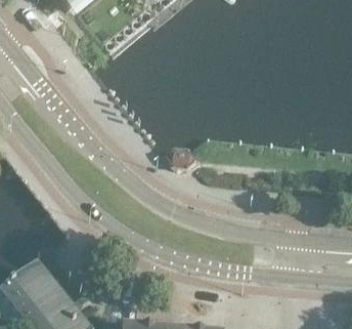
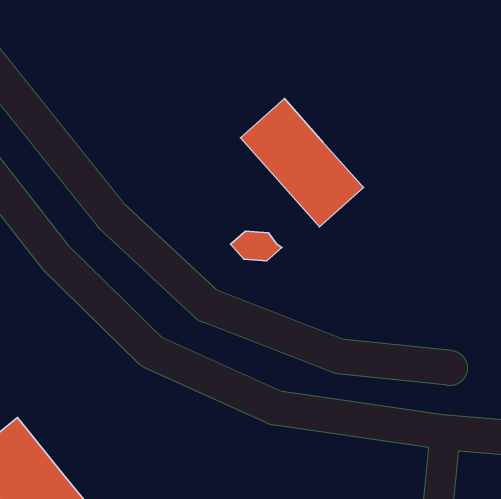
building: none -> [240,98,364,227]

